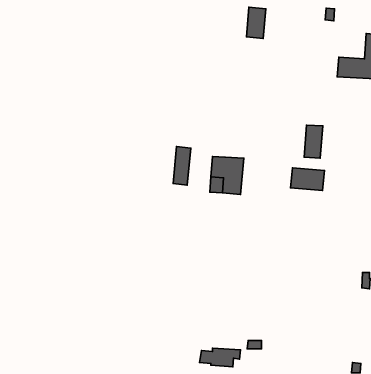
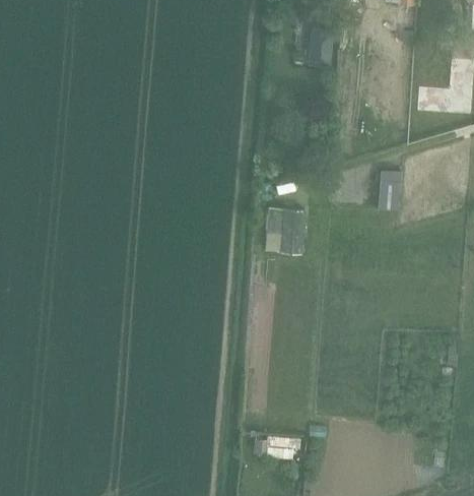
building: [173,146,191,185] -> none
building: [291,168,325,190] -> none

